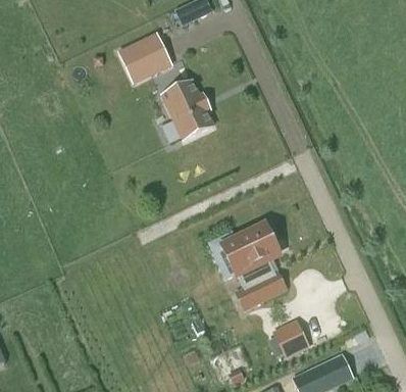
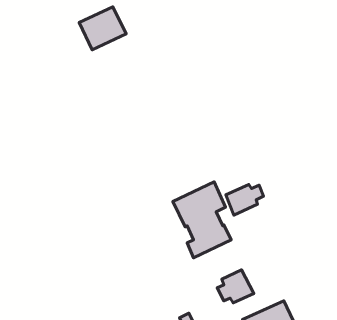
building: [162,81,212,139] -> none
building: none -> [226,184,264,215]

